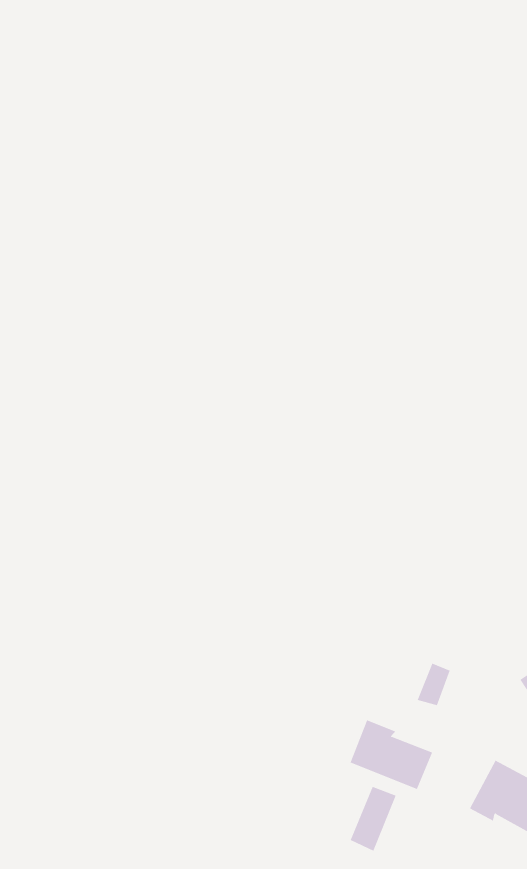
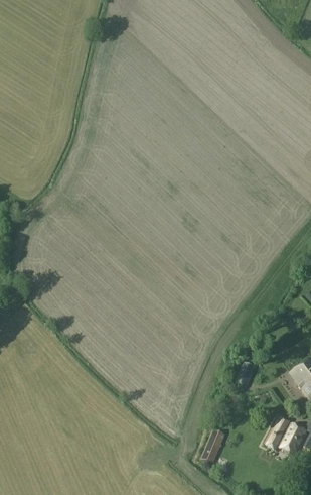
building: [350,720,433,790] -> none

